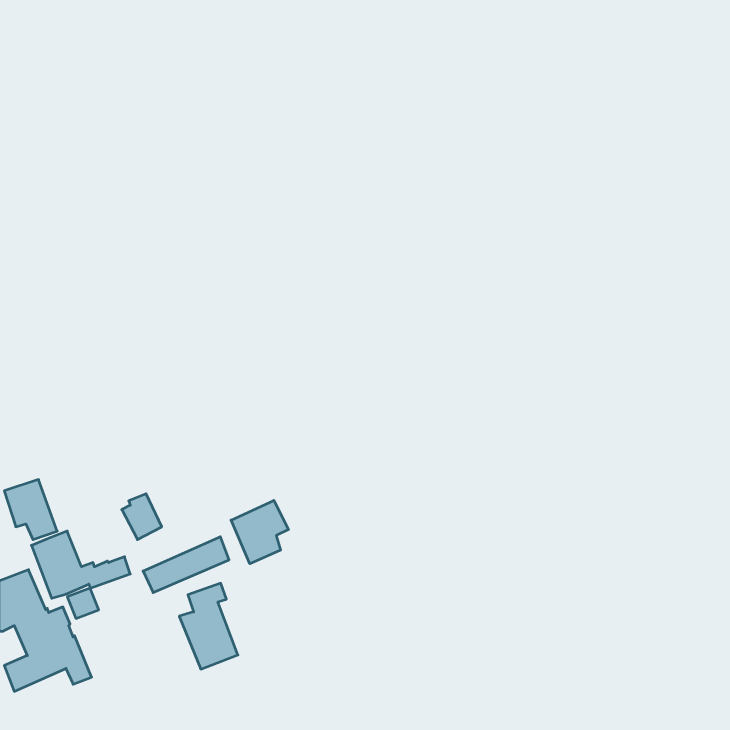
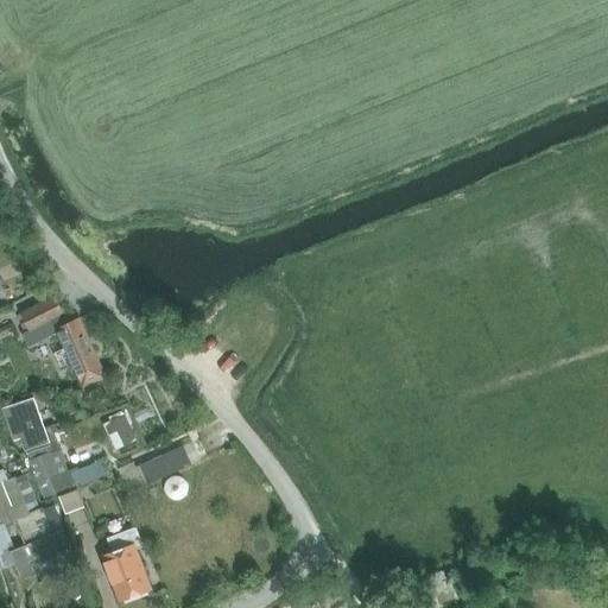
building: none -> [19,297,104,386]
building: [231,500,288,564] -> none
building: [179,583,238,669] -> [102,530,151,601]

